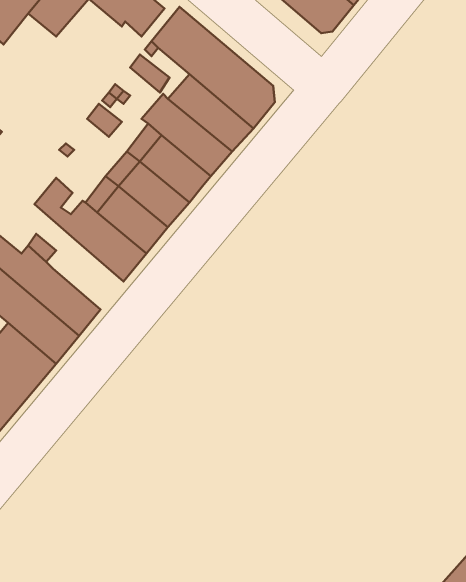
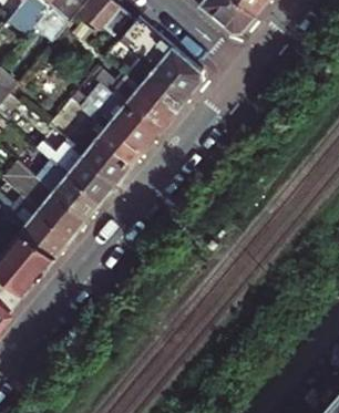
building: none -> [53,173,101,220]

